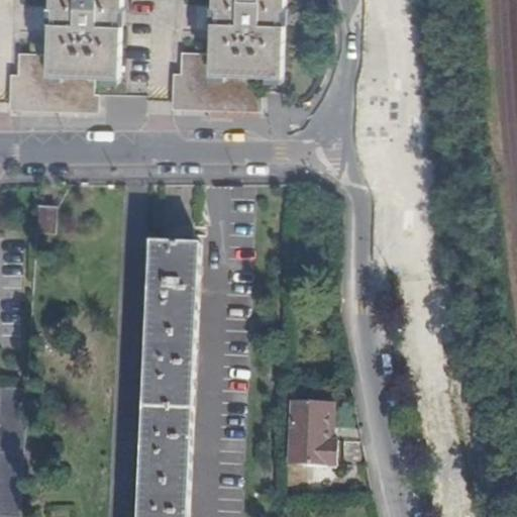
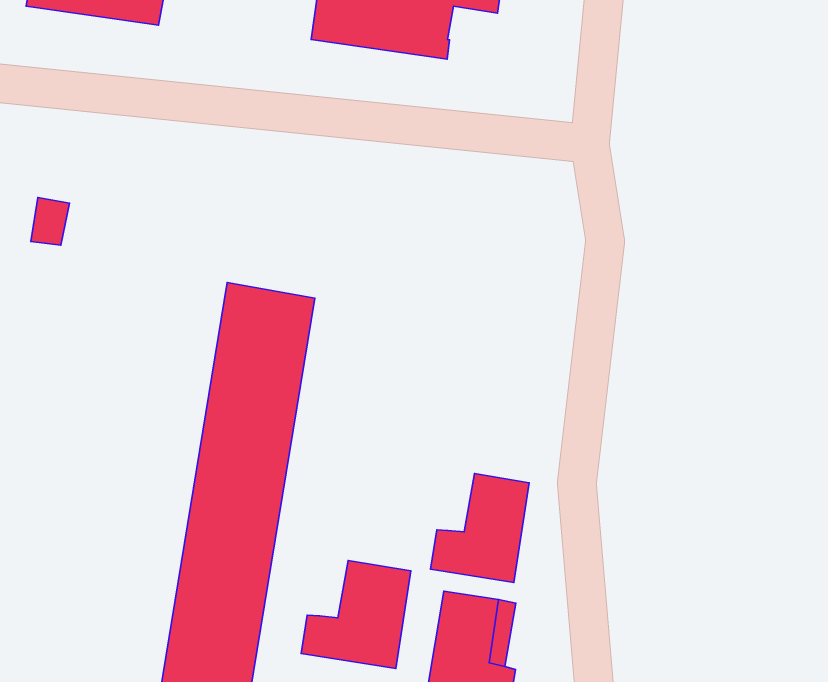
building: none -> [431,473,529,582]
building: none -> [301,560,411,669]

